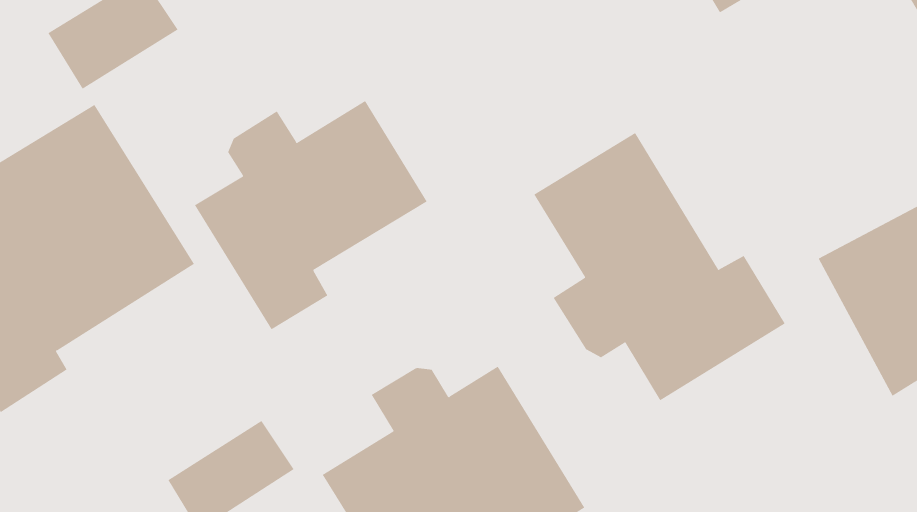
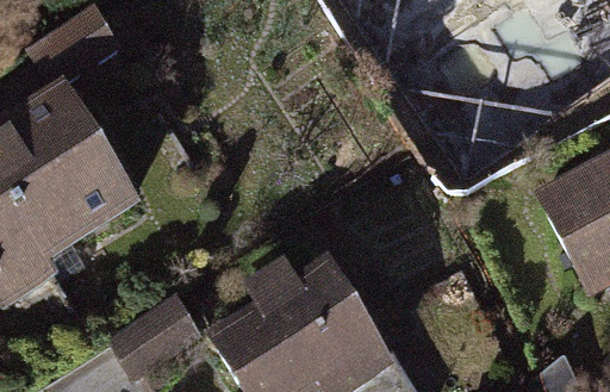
building: [194,100,427,330] -> none
building: [533,132,786,401] -> none

